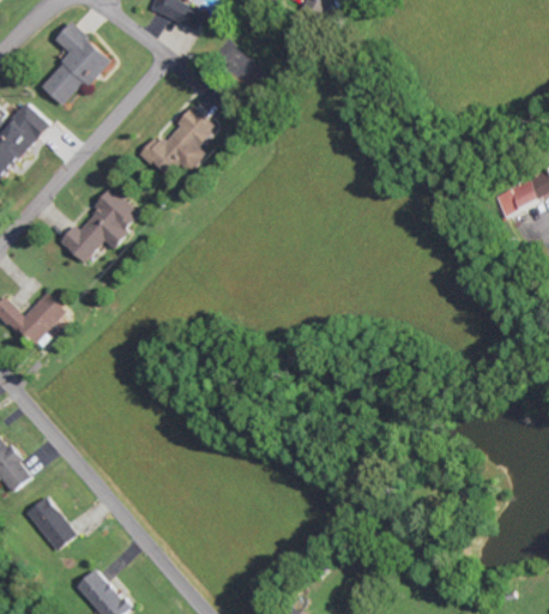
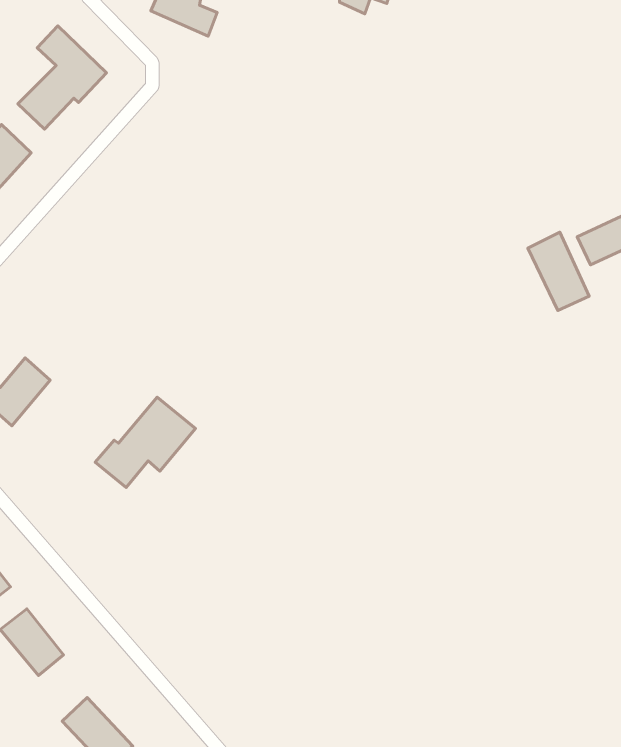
building: [139,107,216,179] -> none
building: none -> [528,232,589,311]
building: [60,189,141,263] -> [95,397,195,487]

